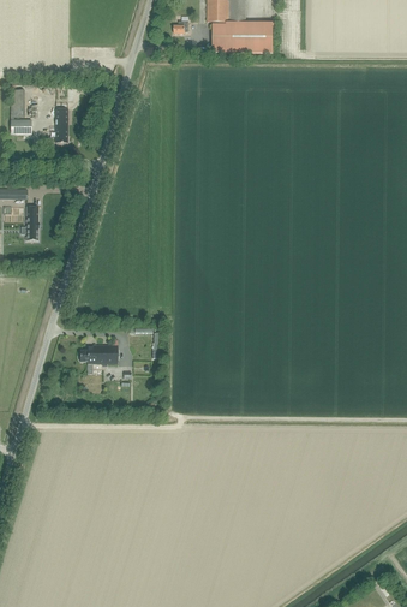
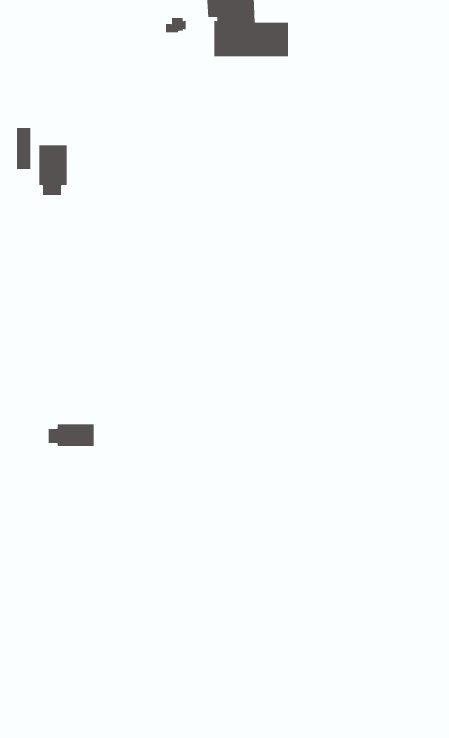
building: none -> [39,145,67,196]

